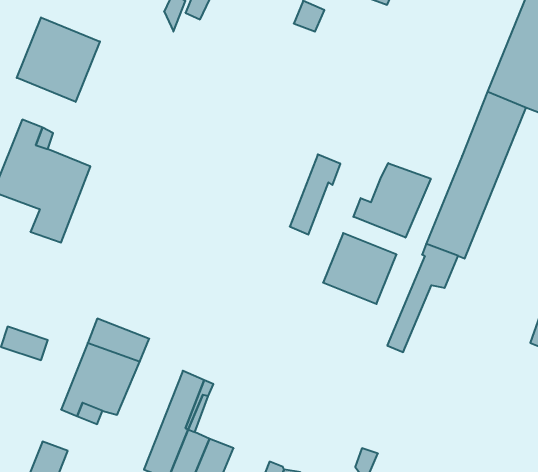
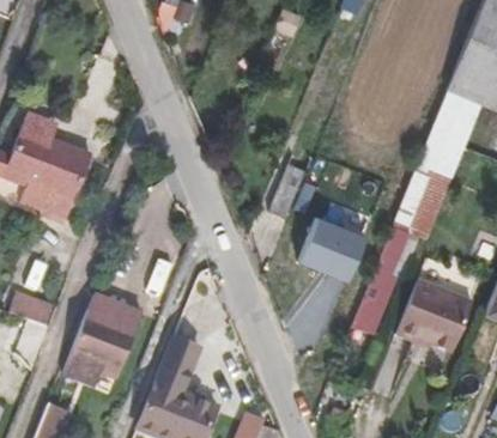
building: [17,17,100,102] -> none
building: [353,163,431,238] -> none
building: none -> [396,279,473,351]

